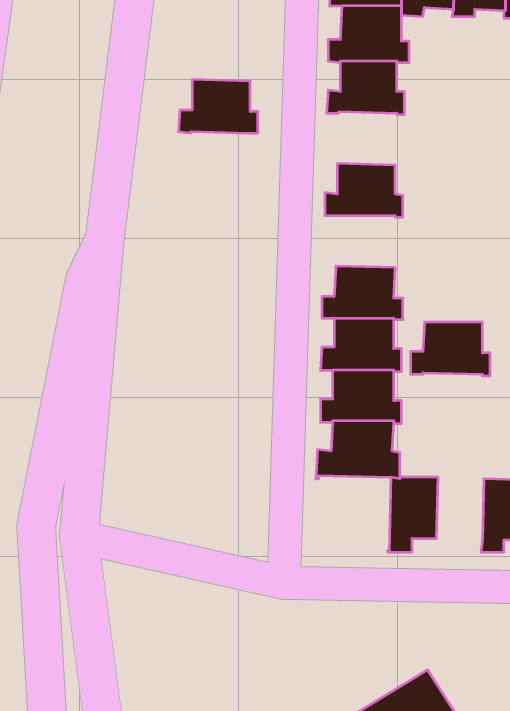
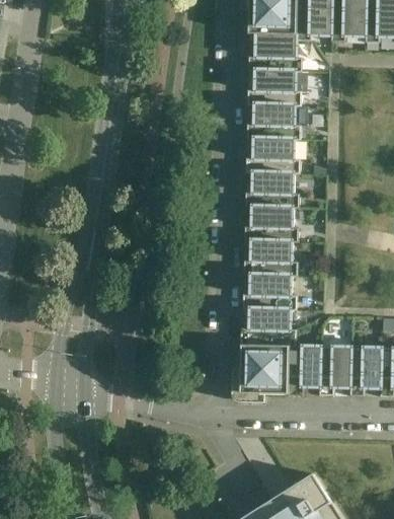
building: [178,80,258,133] -> [247,102,300,138]
building: [411,322,490,376] -> [246,171,299,207]
building: none -> [242,344,291,393]
building: none -> [320,345,352,394]

